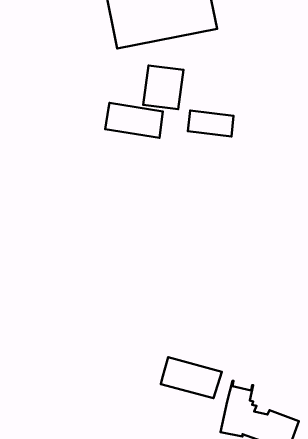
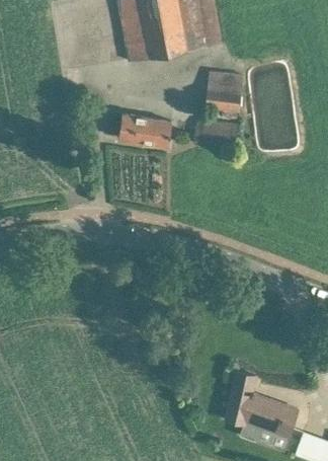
building: [143,65,183,109] -> [206,71,243,111]
building: [161,357,222,398] -> none

